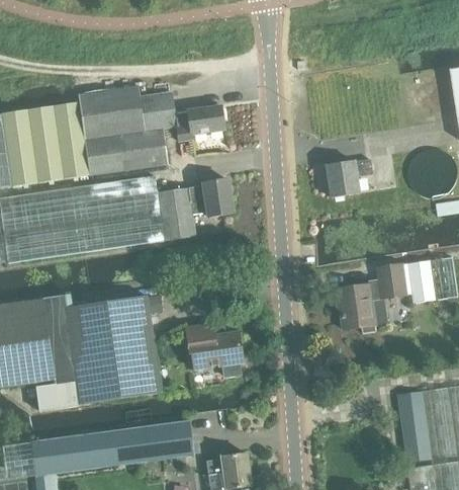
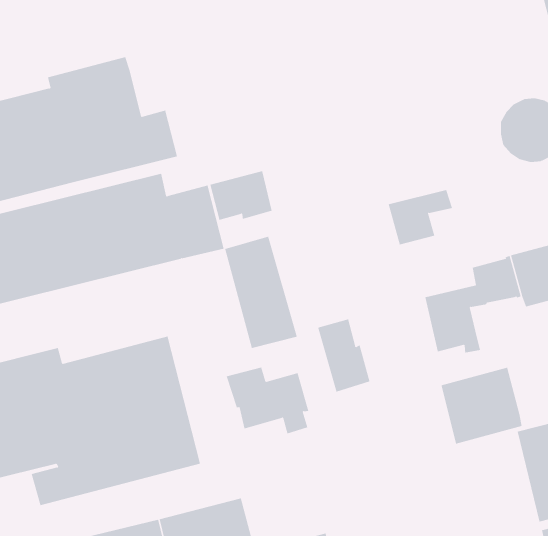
building: [140,91,224,142] -> none
building: [329,161,376,198] -> [388,190,453,245]
building: none -> [225,236,297,349]
building: none -> [318,318,370,392]
building: none -> [441,367,522,445]

